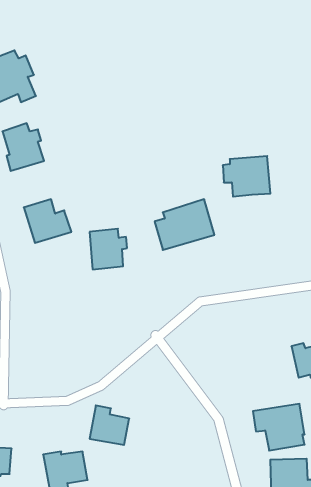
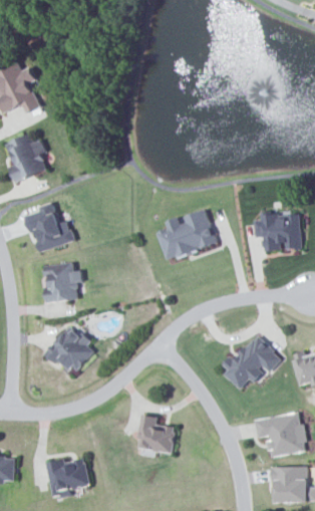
building: [223,156,270,197] -> [254,211,301,251]
building: [90,229,127,269] -> [44,262,81,302]
building: none -> [45,324,96,375]
building: none -> [222,334,281,388]
building: [90,405,129,445] -> [136,415,176,454]

